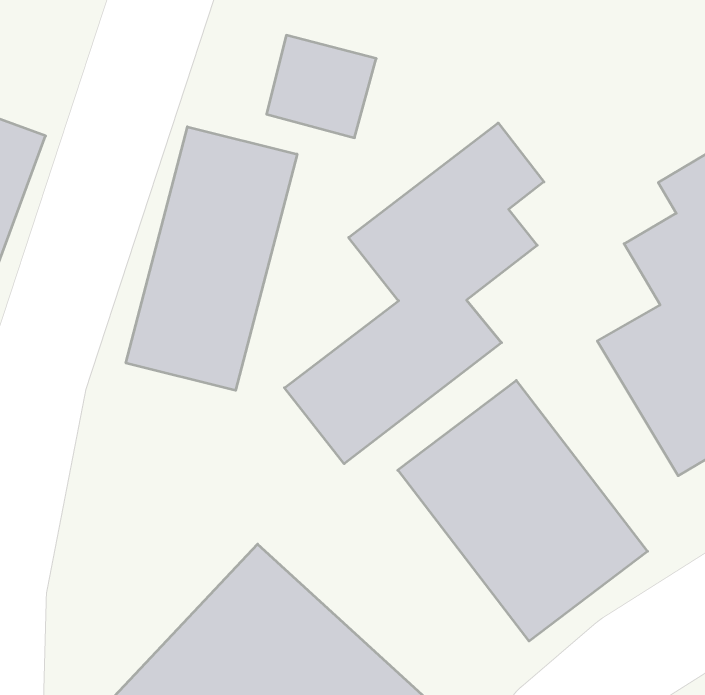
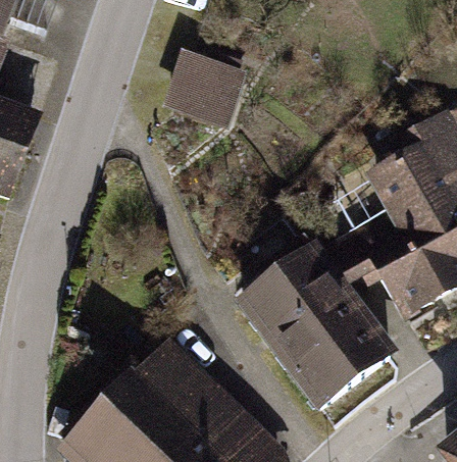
building: [284,123,544,464] -> none
building: [126,127,297,390] -> none

